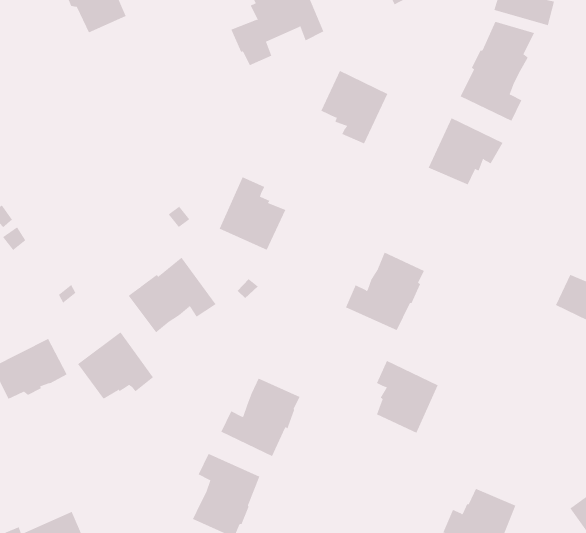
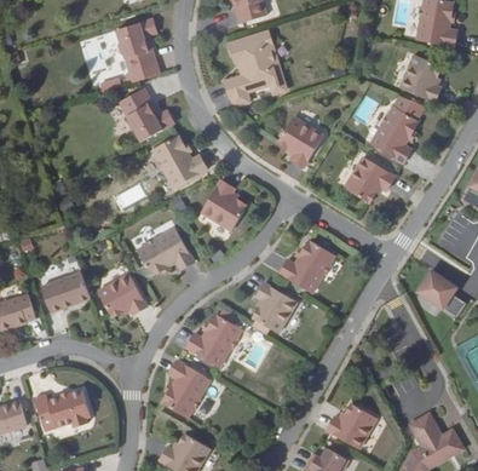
building: none -> [119,87,173,142]
building: none -> [151,134,207,188]
building: [376,360,439,433] -> [253,282,296,333]

